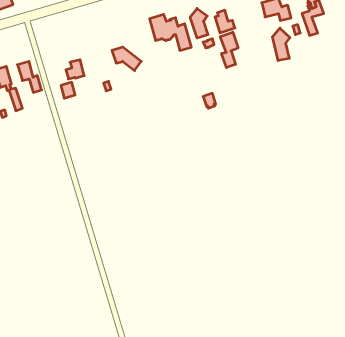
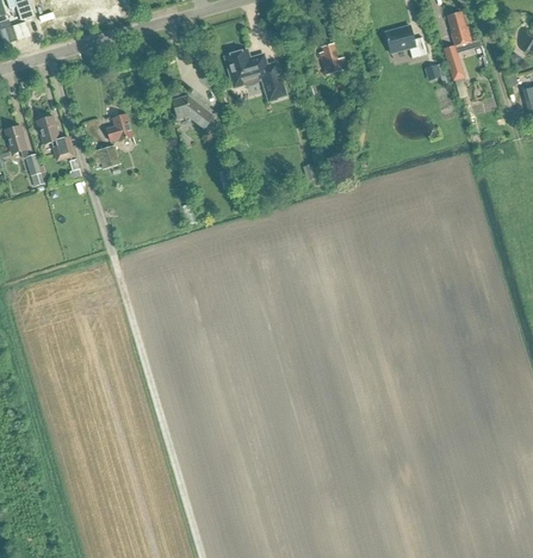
building: [190,8,208,38] -> none
building: [272,28,290,61] -> none
building: [220,32,238,68] -> none

